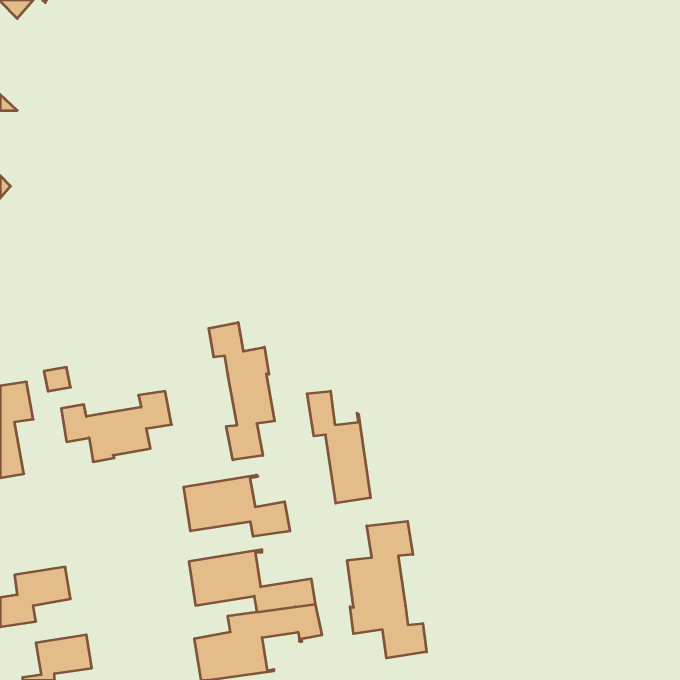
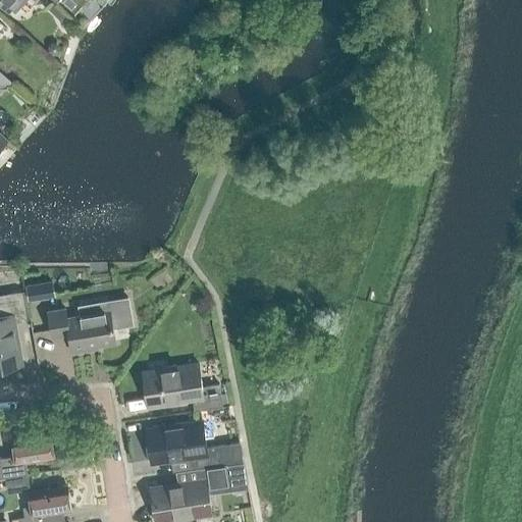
building: [209,322,275,460] -> none
building: [307,391,370,503] -> none
building: [347,521,427,658] -> none

